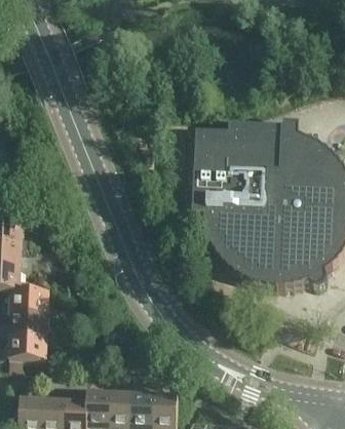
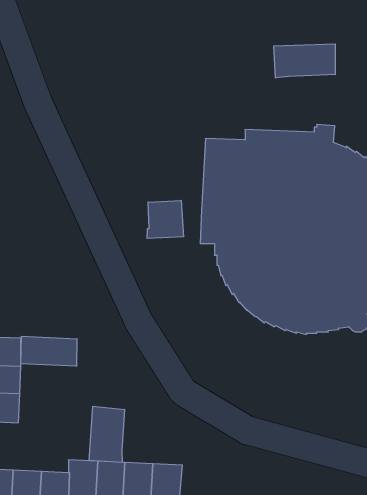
building: none -> [274,44,335,78]
building: none -> [147,200,183,238]
building: none -> [21,336,77,366]
building: none -> [89,406,124,462]

